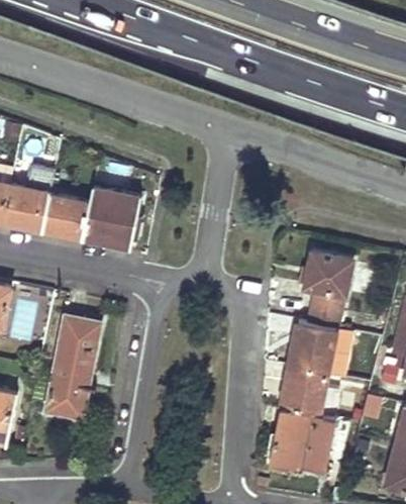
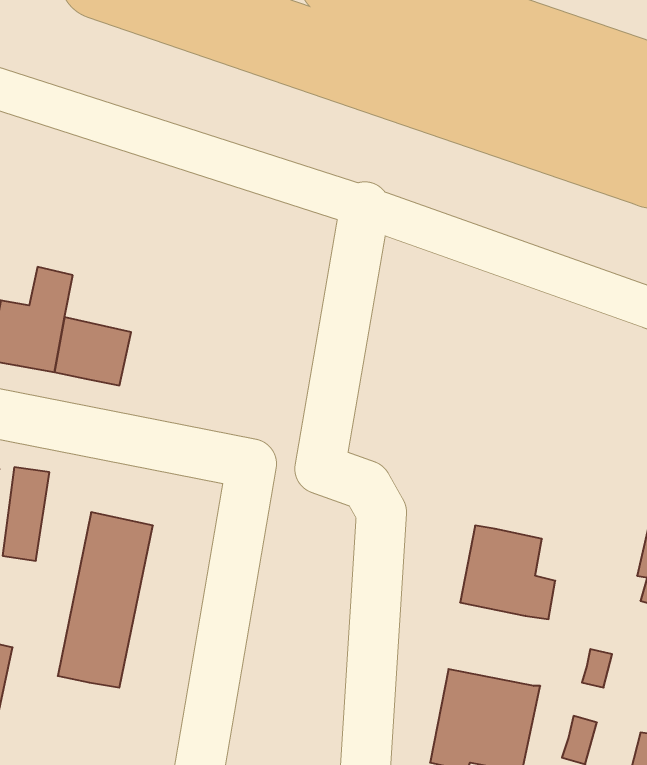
building: [82,187,140,242] -> none
building: [306,255,352,330] -> none
building: [280,369,337,419] -> none

